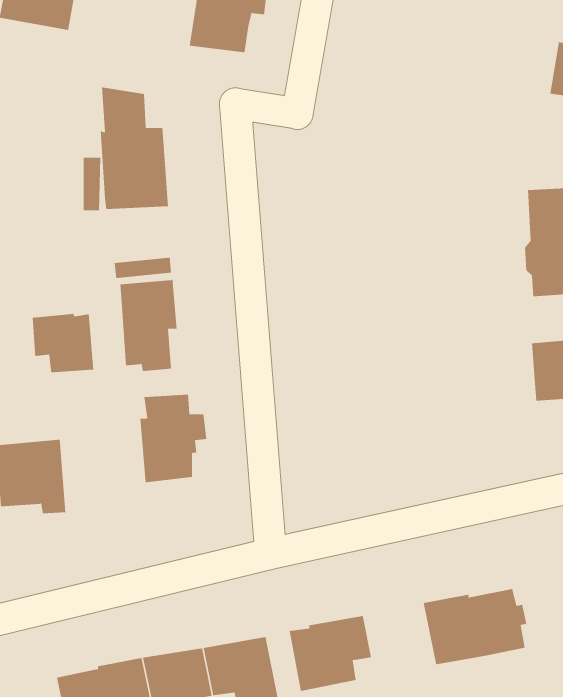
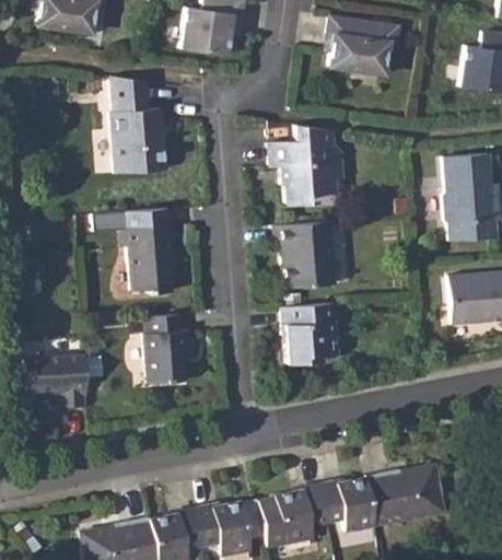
building: none -> [325,18,396,73]
building: none -> [270,125,342,205]
building: none -> [276,222,336,288]
building: [32,313,94,373] -> none
building: none -> [281,302,349,368]
building: none -> [318,477,374,530]

